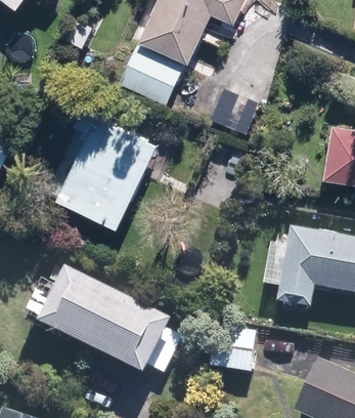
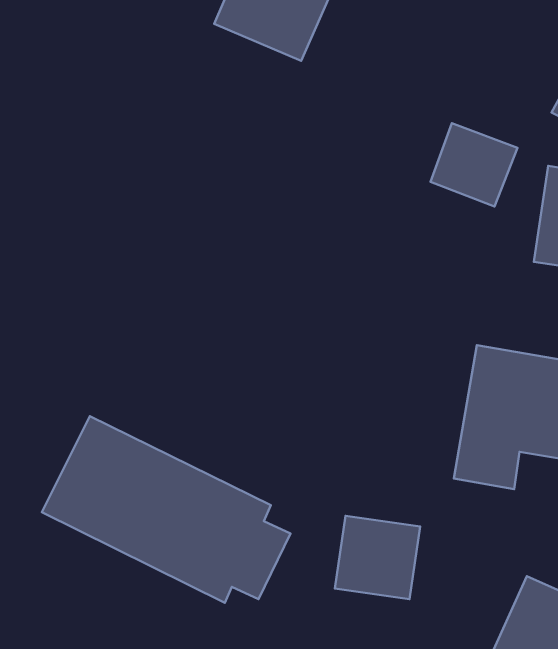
building: [118,44,182,102] -> none
building: [209,85,259,133] -> [431,123,518,207]
building: [55,108,156,226] -> none

